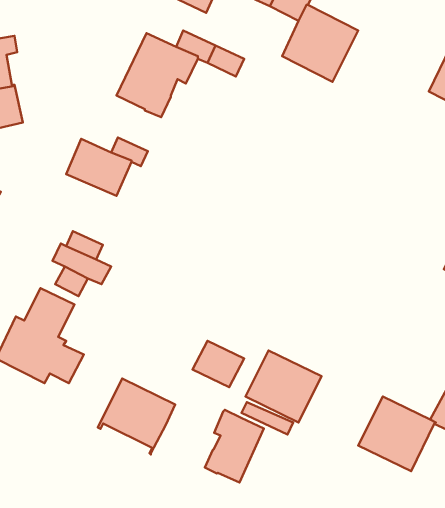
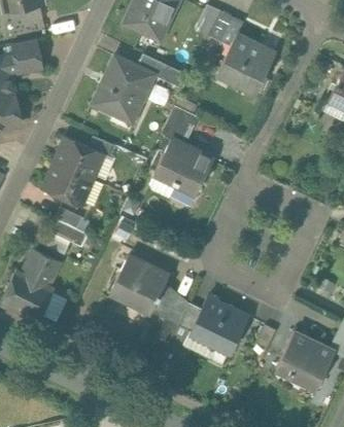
building: none -> [13,41,43,73]
building: none -> [164,105,197,139]
building: none -> [156,139,213,192]
building: none -> [43,164,93,207]
building: [98,379,175,455] -> [110,255,169,313]
building: [205,410,264,482] -> none

